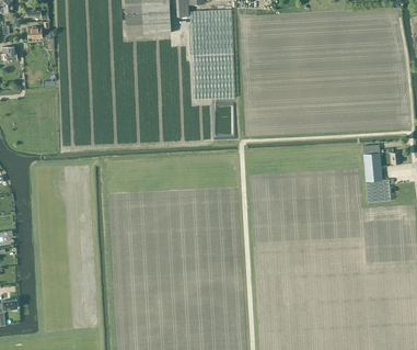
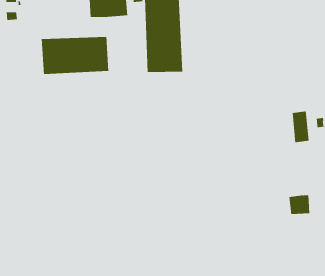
building: none -> [41,36,109,75]
building: [366,180,391,203] -> [289,195,310,215]

